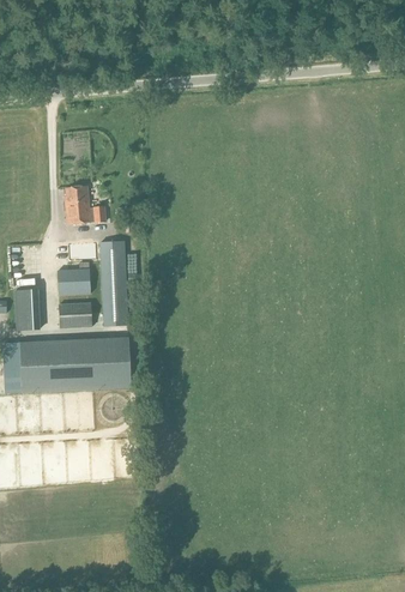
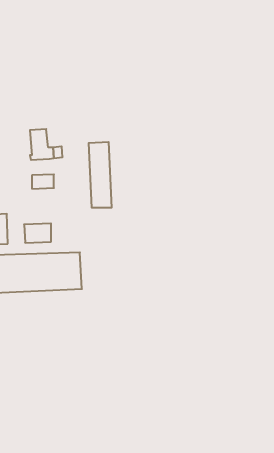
building: [99,243,128,325] -> [89,142,112,208]
building: [58,270,91,294] -> none

